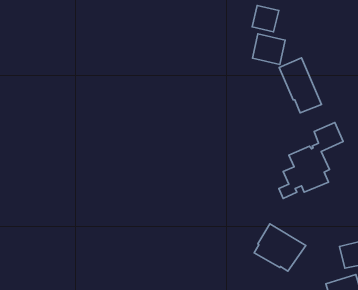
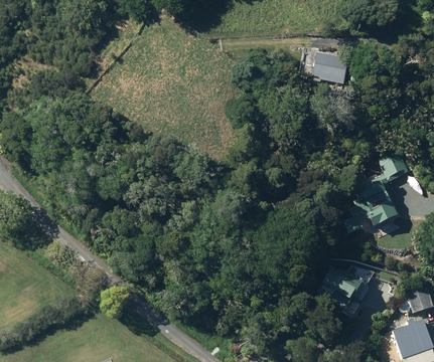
building: [252,5,279,32] -> none
building: [279,58,322,113] -> none

